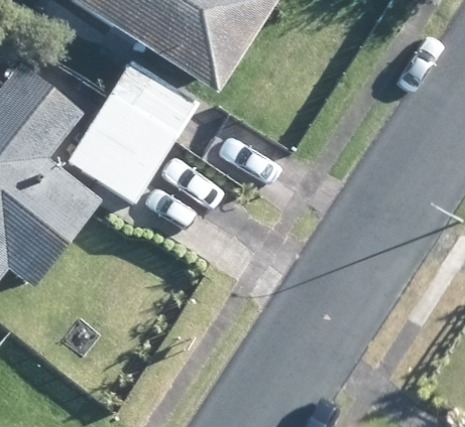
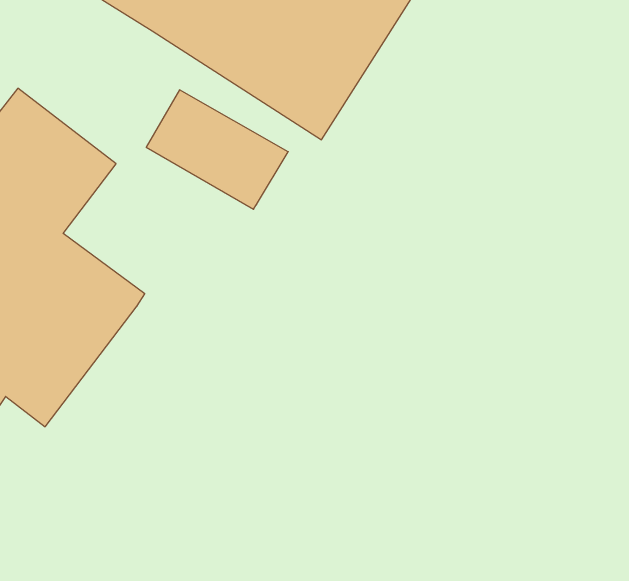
building: [68,99,176,203] -> none

